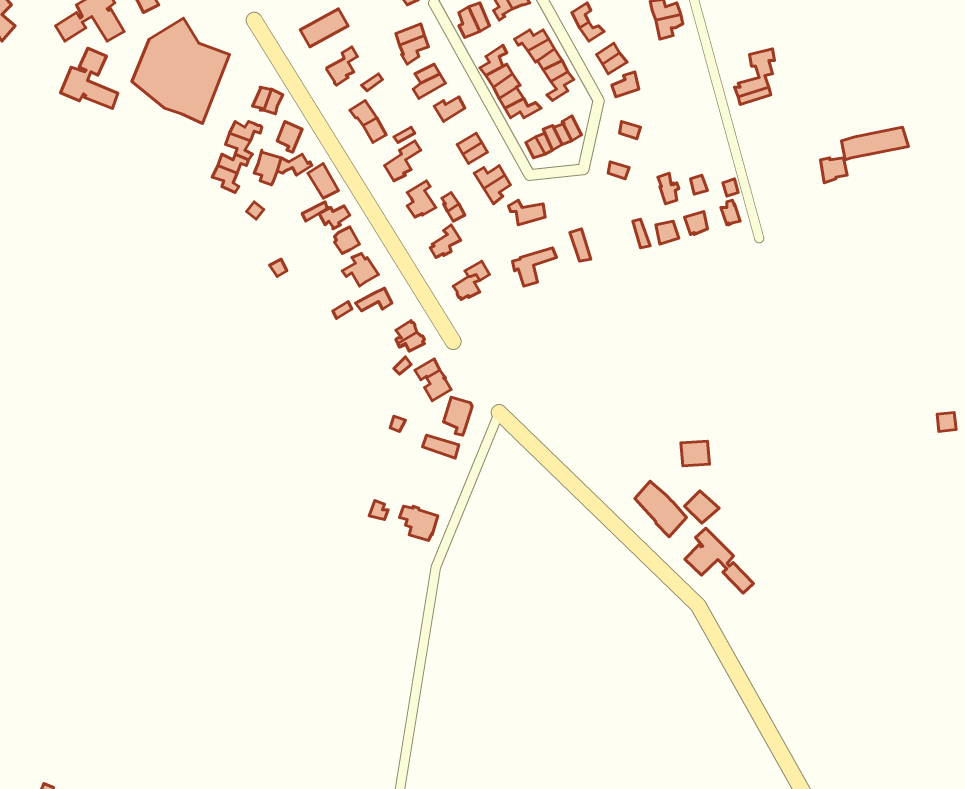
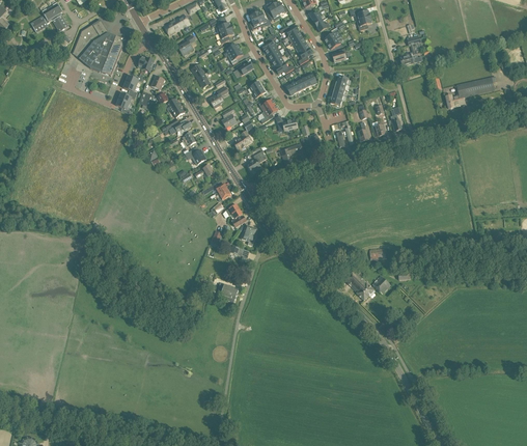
building: [61,48,118,108] -> none
building: [685,528,753,593] -> none

